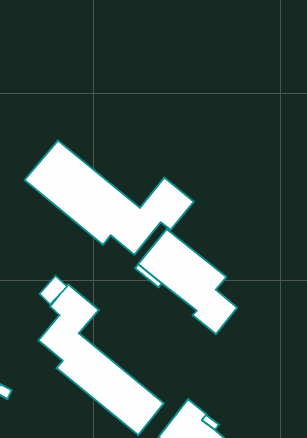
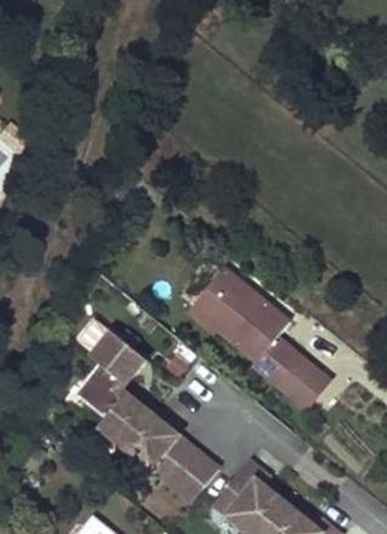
building: [25,140,194,255] -> none
building: none -> [280,358,332,410]

